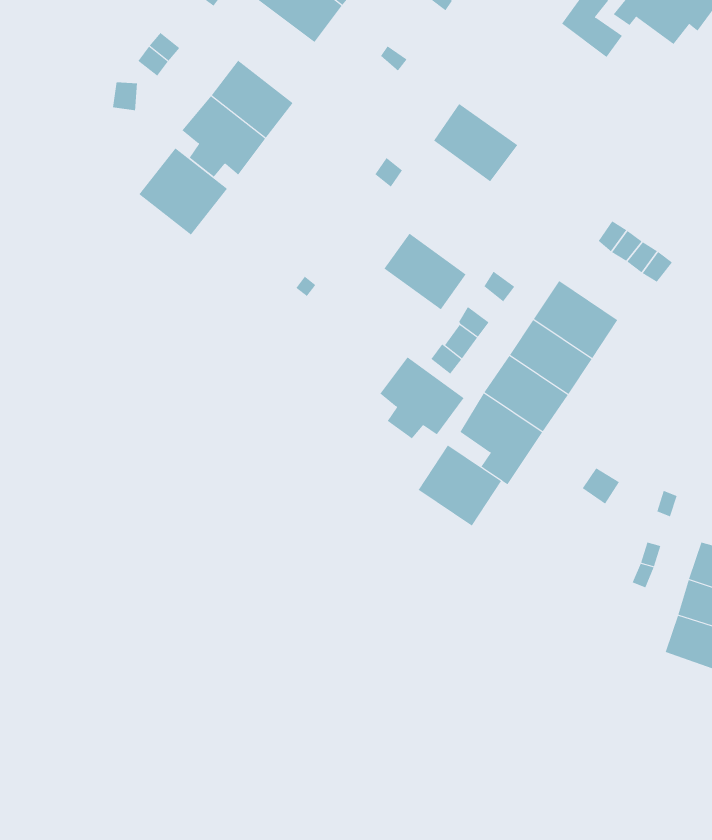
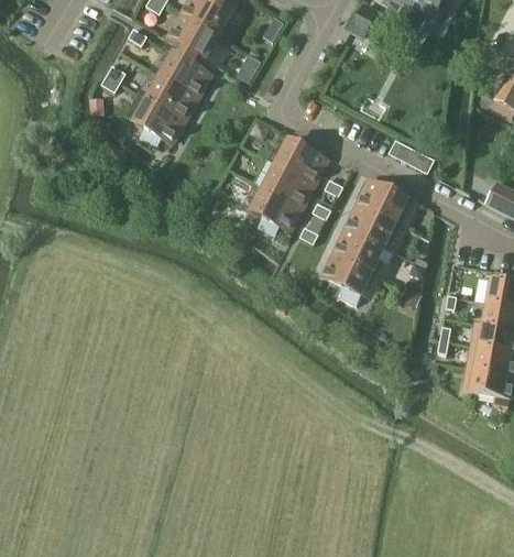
building: none -> [161,51,211,96]
building: [433,103,518,182] -> [276,139,327,183]
building: [139,148,228,235] -> none
building: [380,357,465,439] -> [251,186,302,234]
building: [418,445,502,526] -> none

